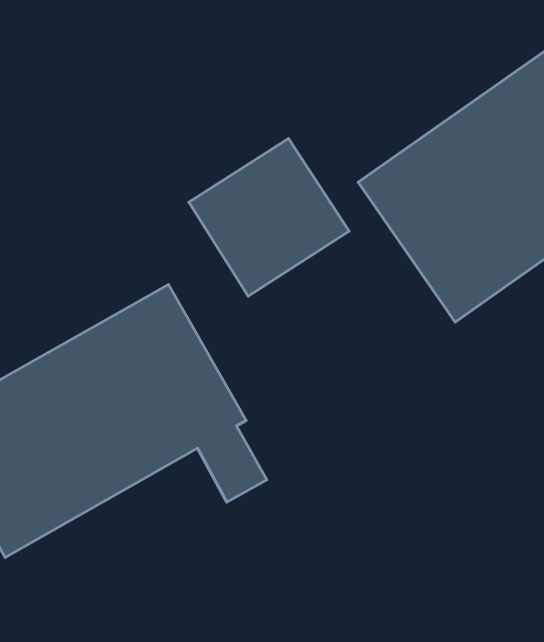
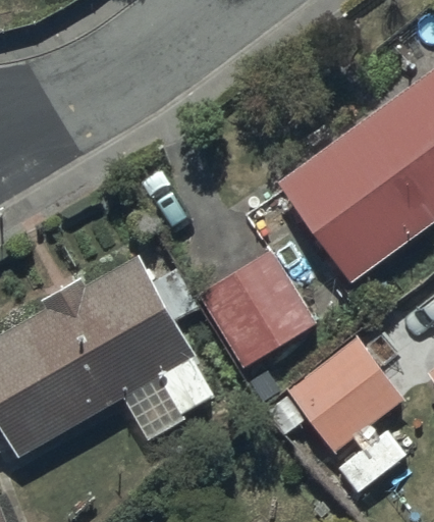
building: [189,138,349,296] -> [198,254,316,370]
building: none -> [266,335,403,452]

